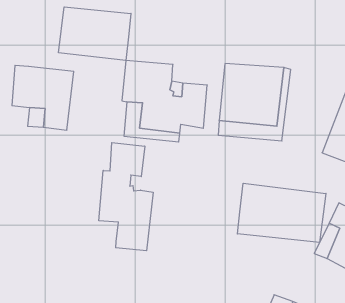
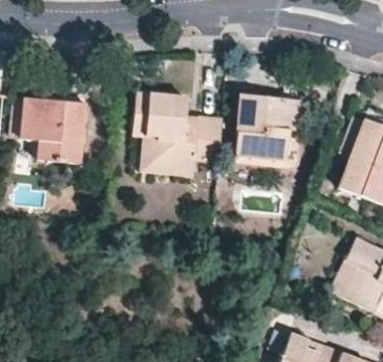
building: [59,7,131,61] -> none
building: [99,143,153,251] -> none
building: [237,183,326,243] -> none

